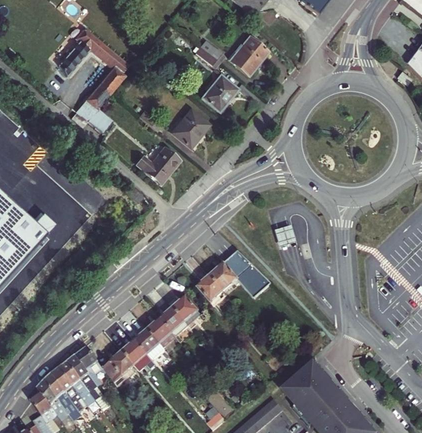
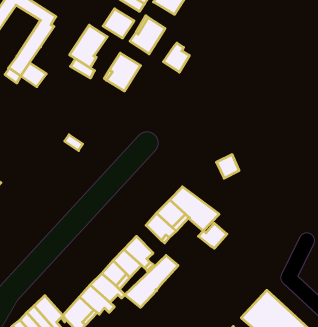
building: none -> [103,9,134,38]
building: none -> [70,25,107,68]
building: none -> [163,43,189,72]
building: [136,145,180,183] -> none
building: none -> [198,223,227,248]
building: none -> [125,255,178,307]

